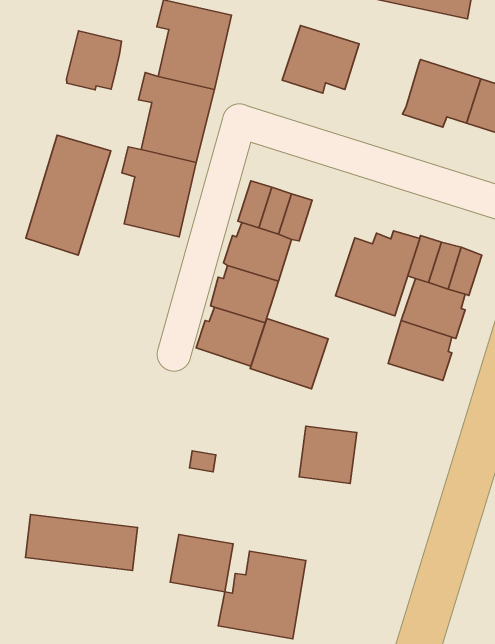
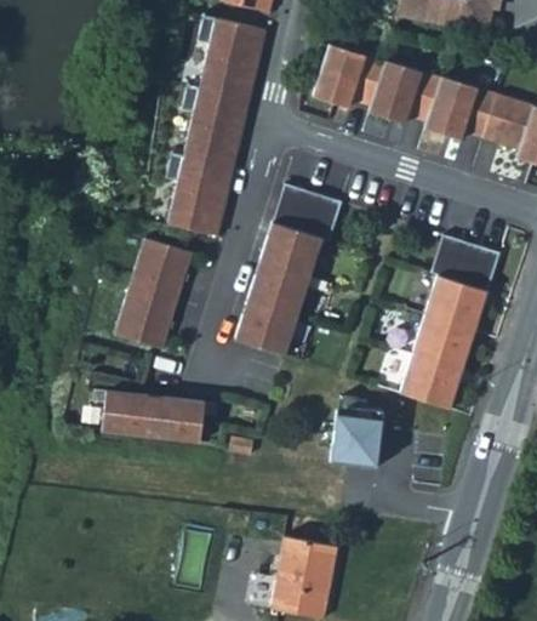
building: [67,31,121,90] -> none
building: none -> [370,57,441,120]
building: [26,135,111,255] -> [114,239,193,351]
building: [335,231,420,316] -> none
building: [250,318,328,389] -> none
building: none -> [399,355,459,411]
building: [25,514,138,571] -> [101,392,205,444]
building: [170,534,233,592] -> none

